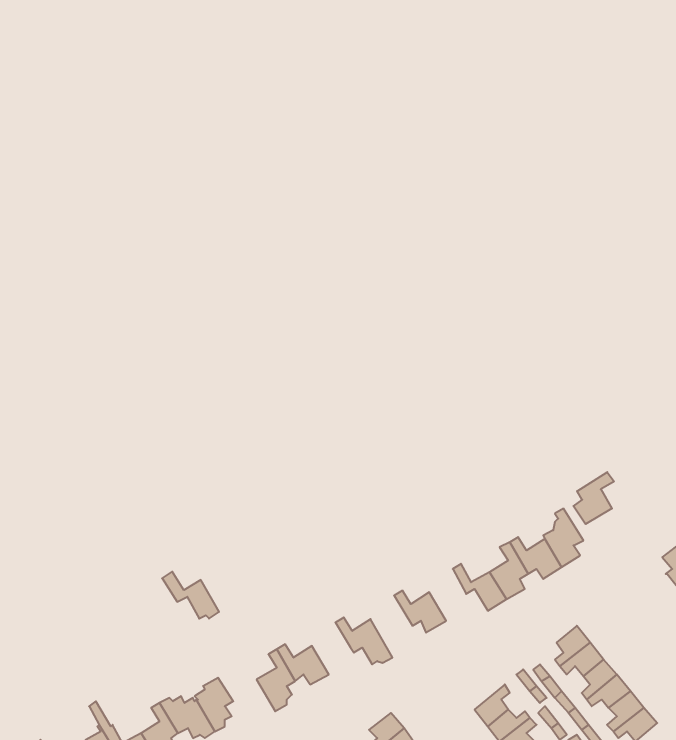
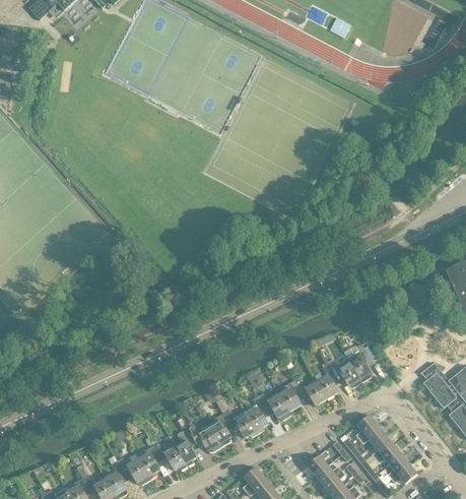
building: [573,472,614,524] -> none
building: none -> [280,380,303,412]
building: [162,572,219,619] -> [152,442,187,471]
building: none -> [245,396,270,434]
building: none -> [209,413,232,444]

